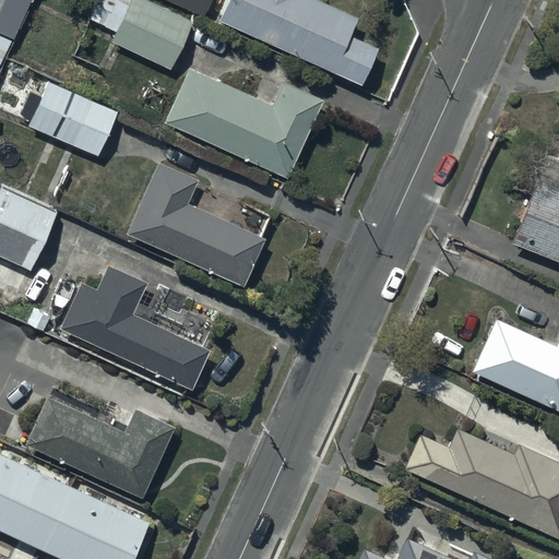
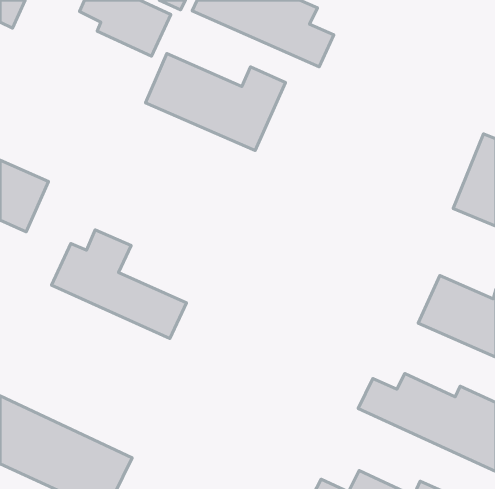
building: [27,83,117,158] -> none
building: [126,160,263,286] -> none
building: [25,397,175,498] -> none

